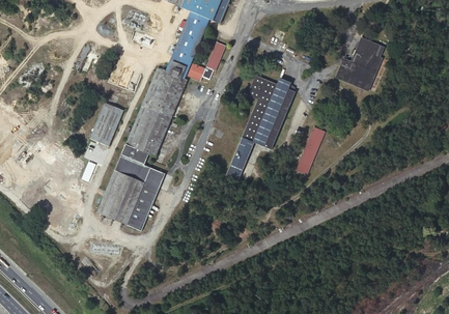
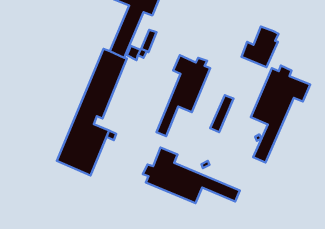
building: none -> [251,65,310,162]
building: [90,102,123,145] -> none
building: none -> [143,147,240,203]

